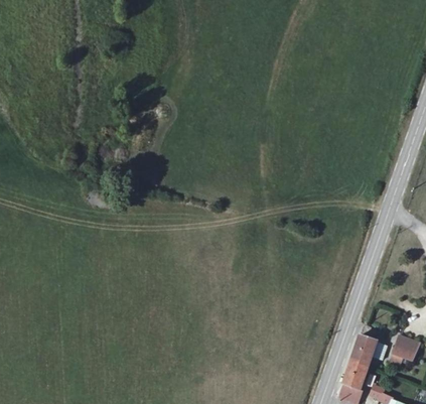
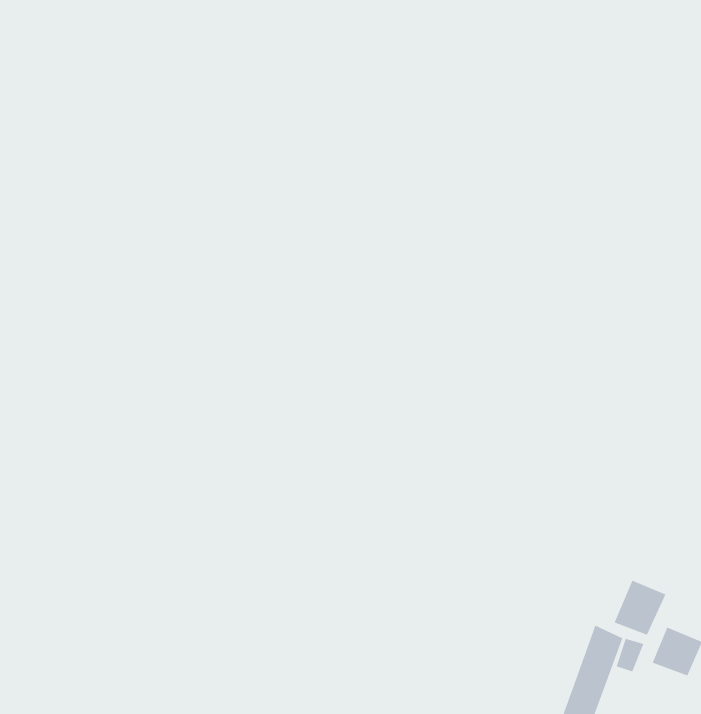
building: none -> [614,580,666,636]

